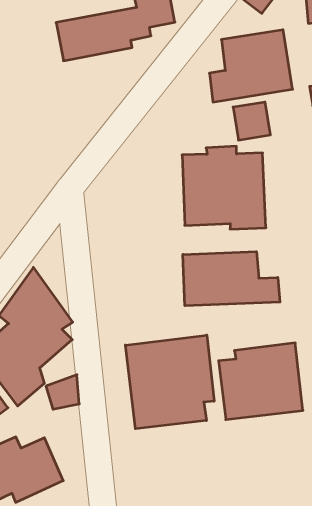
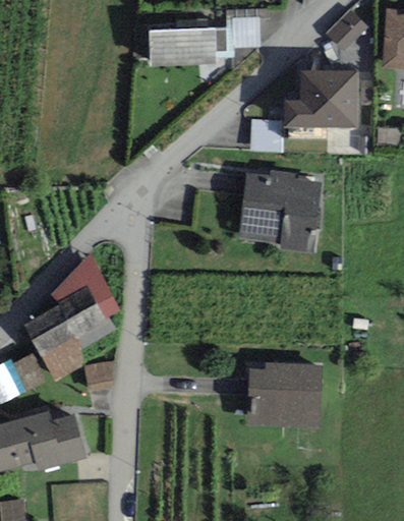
building: [233,102,270,140] -> [250,120,281,152]
building: [183,252,280,306] -> none
building: [125,335,214,429] -> none

